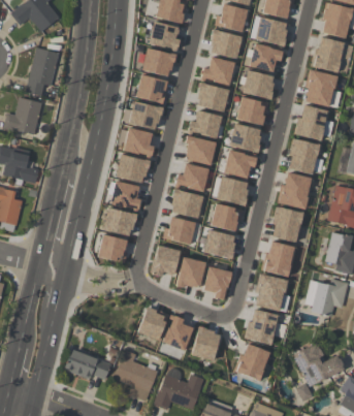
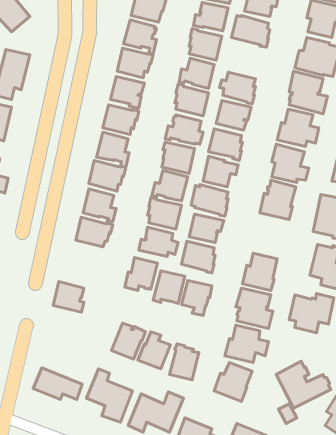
building: [247,43,283,72] -> none
building: [272,206,303,243] -> none
building: [98,234,127,263] -> [53,282,84,312]

